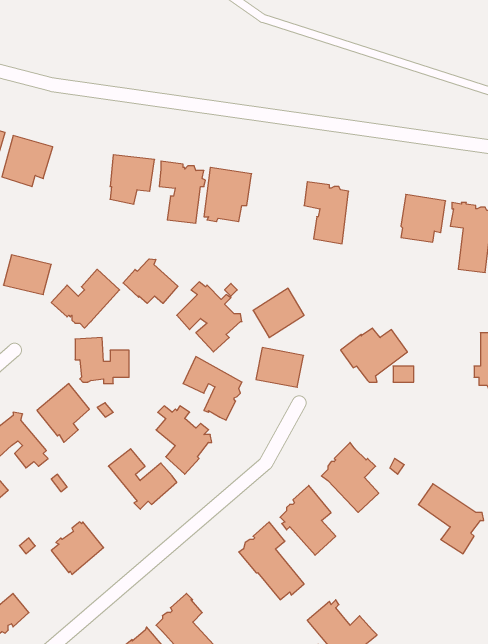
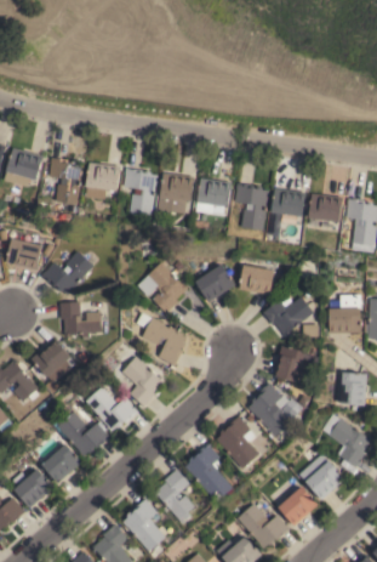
building: none -> [48,158,82,205]
building: none -> [195,178,232,215]
building: none -> [268,188,307,234]
building: [123,259,178,303] -> none
building: none -> [329,295,360,334]
building: [256,348,304,387] -> [238,265,274,295]
building: none -> [273,346,304,382]
building: none -> [339,373,366,405]
building: none -> [57,411,109,456]
building: none -> [299,454,344,500]
building: none -> [12,469,53,509]
building: none -> [154,469,194,521]
building: none -> [278,487,316,526]

